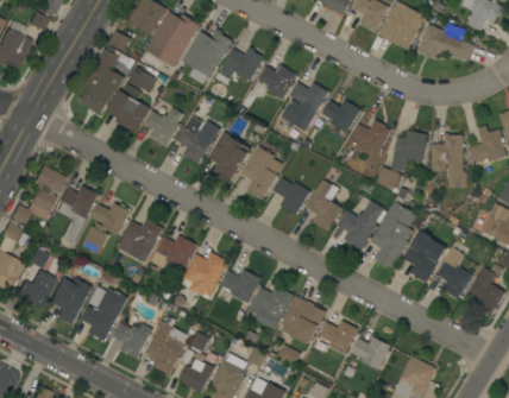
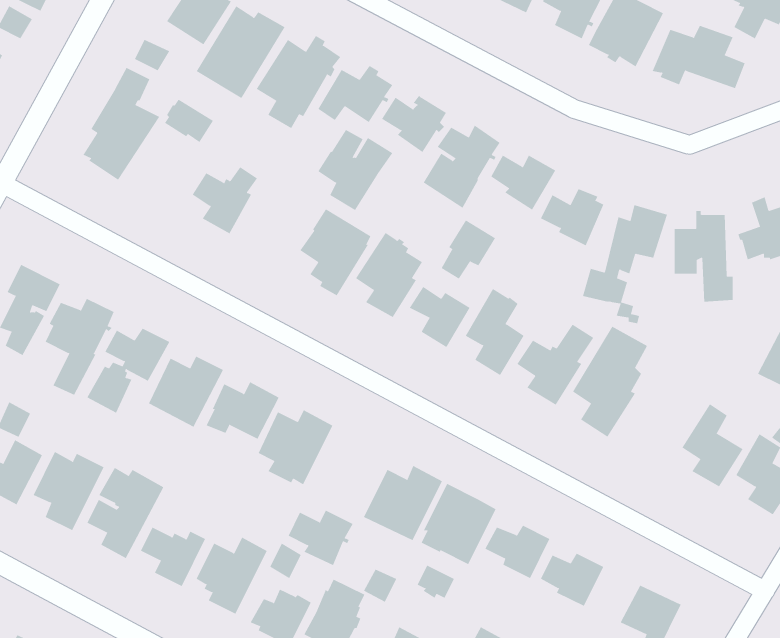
building: [108,83,150,132] -> none
building: [176,115,221,164] -> [318,129,393,211]
building: none -> [441,219,496,280]
building: [403,230,447,283] -> none
building: [221,270,260,303] -> [288,510,353,566]

